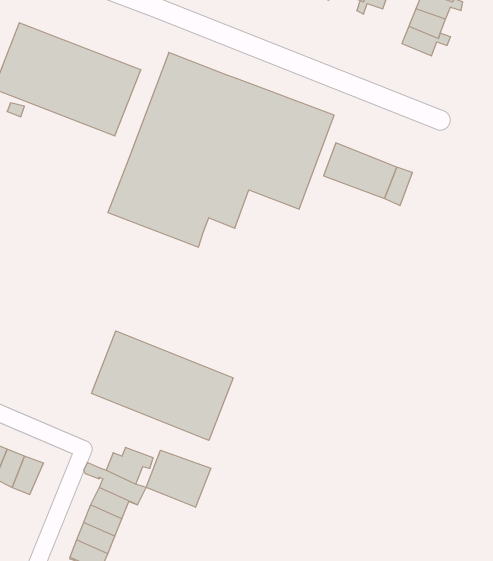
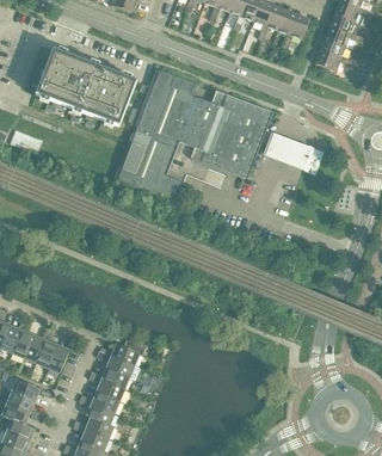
building: [91,331,233,440] -> none
building: [146,450,211,507] -> none

